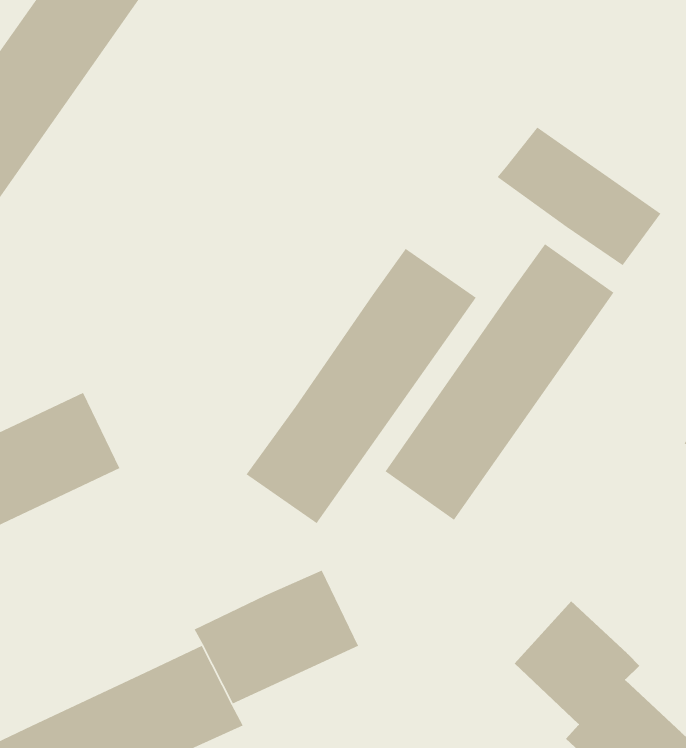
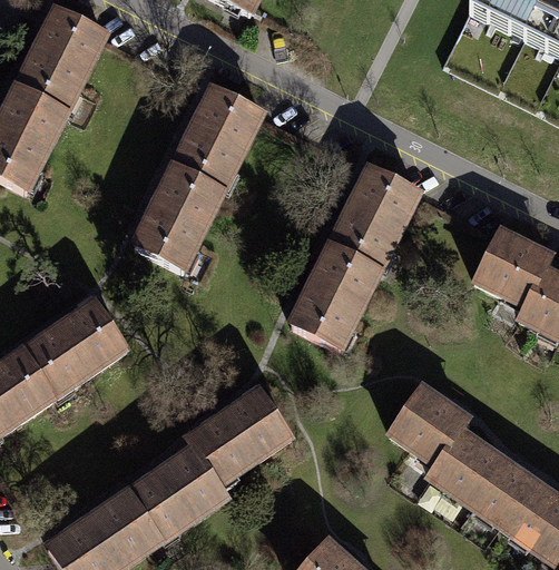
building: [496,126,662,266] -> none
building: [246,248,477,524] -> [133,87,261,267]

